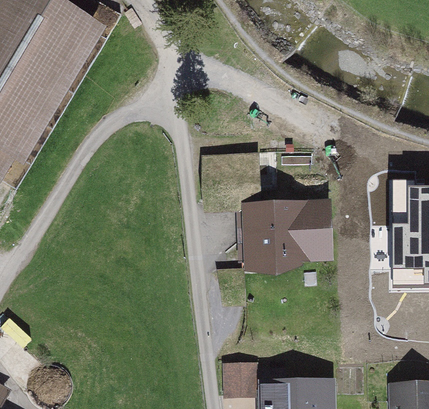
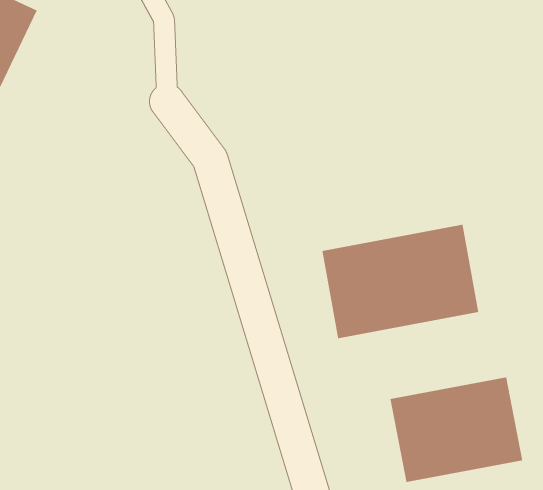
building: none -> [389,376,523,483]

